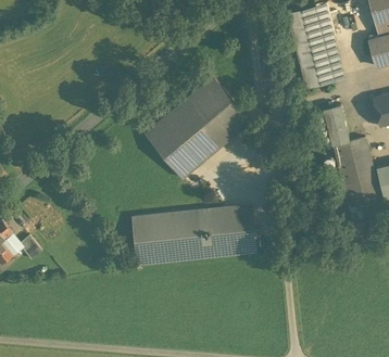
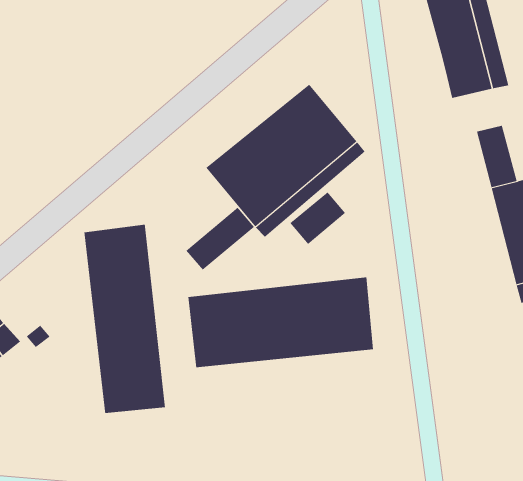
building: none -> [290,192,346,245]
building: none -> [185,207,255,271]
building: none -> [84,224,165,414]

